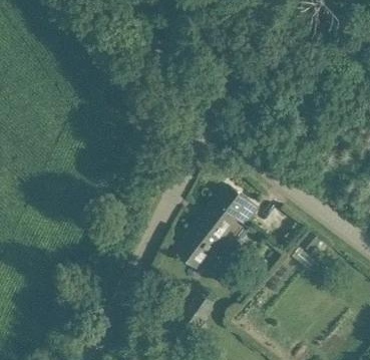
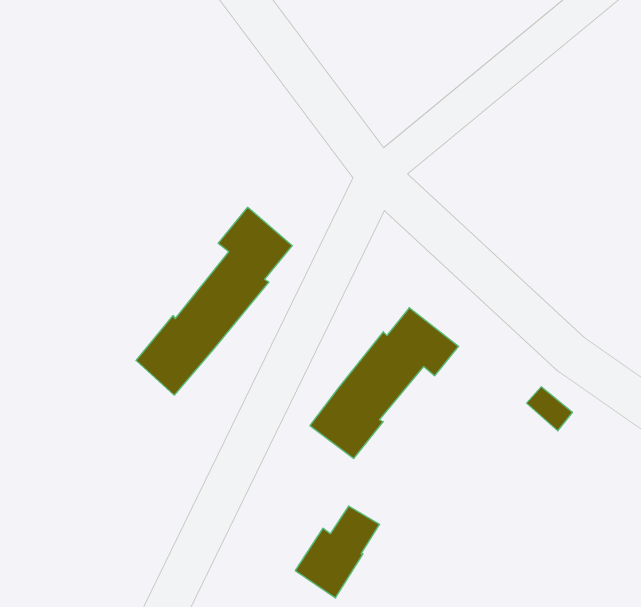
building: none -> [136,207,292,395]

